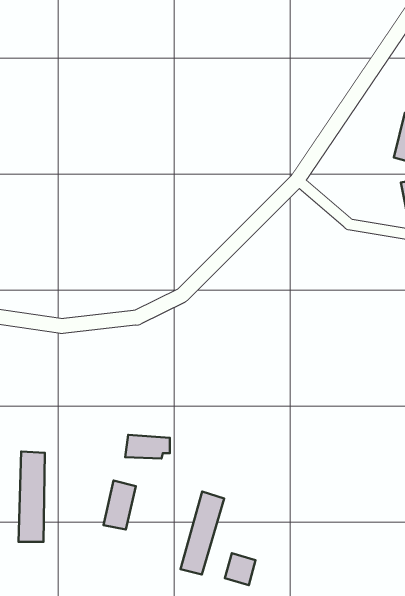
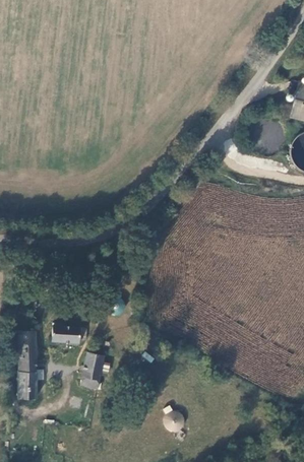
building: [125,435,170,459] -> [51,324,83,341]
building: [181,492,224,574] -> none

